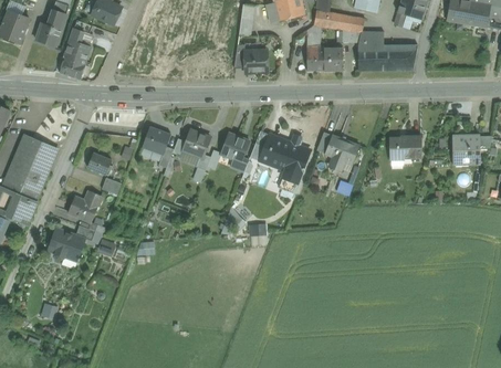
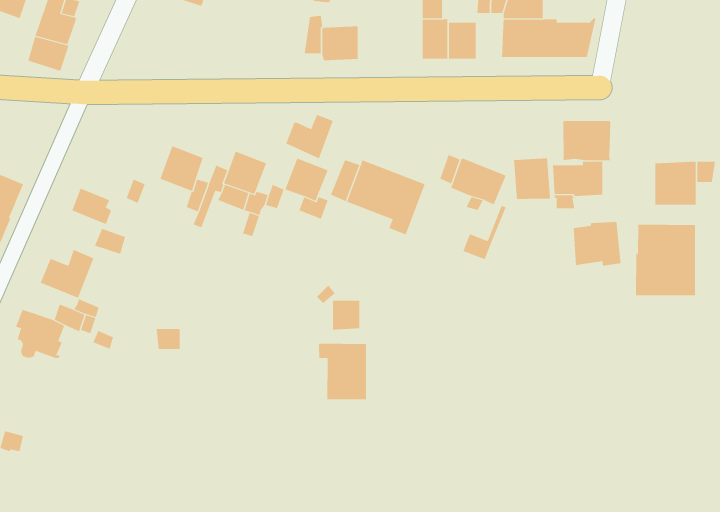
building: none -> [285,114,334,159]
building: none -> [563,120,611,161]
building: none -> [514,158,550,200]
building: none -> [573,221,621,266]
building: none -> [635,224,696,296]
building: none -> [319,343,367,400]

